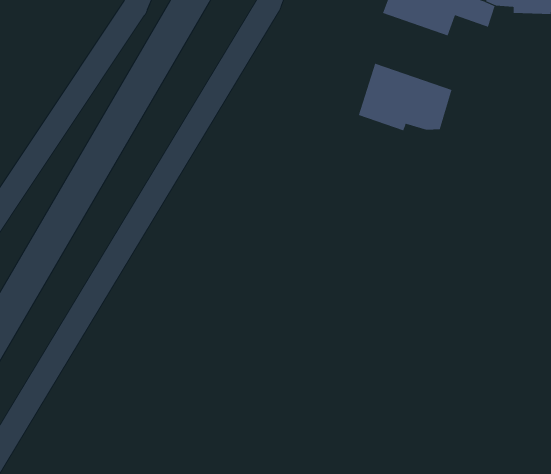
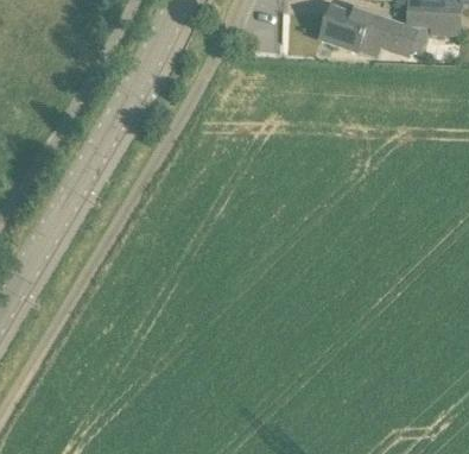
building: [358,63,452,131] -> none

